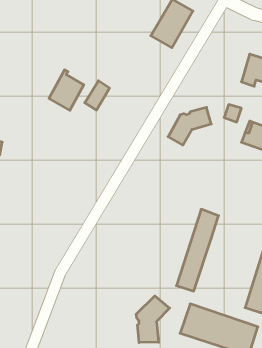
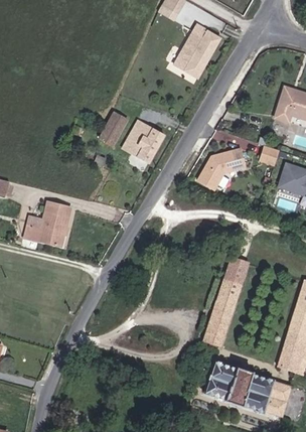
building: [49,70,84,110] -> [126,119,164,163]
building: none -> [25,202,71,250]
building: [136,296,170,343] -> none

